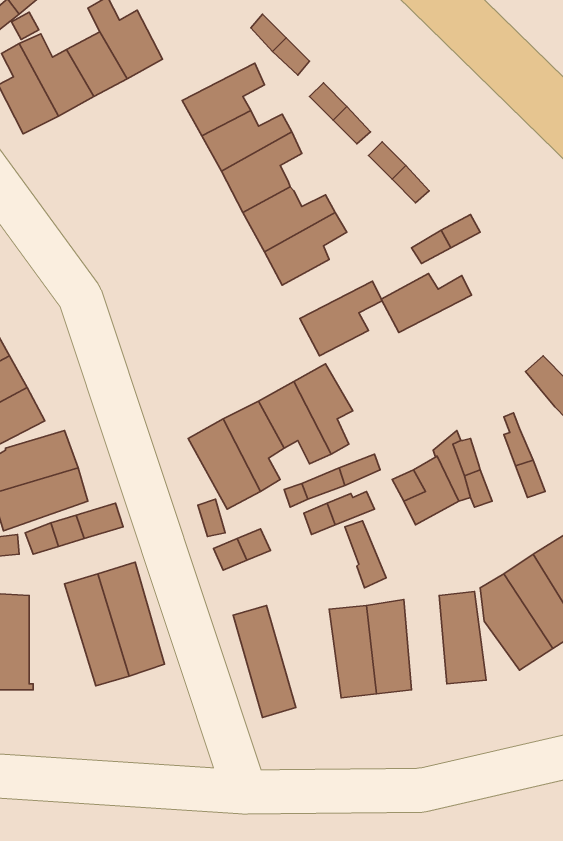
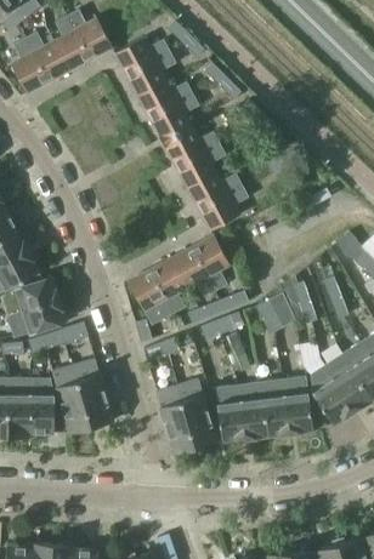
building: none -> [114,36,170,73]
building: [381,274,472,333] -> [187,171,243,207]
building: none -> [30,378,55,433]
building: none -> [177,378,219,447]
building: none -> [262,378,289,437]

